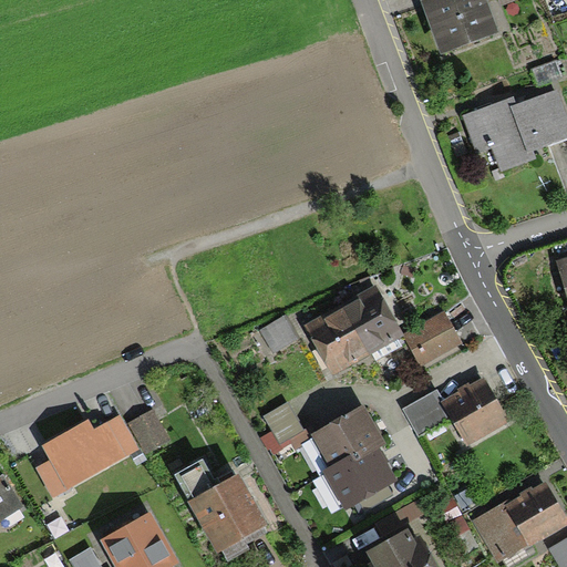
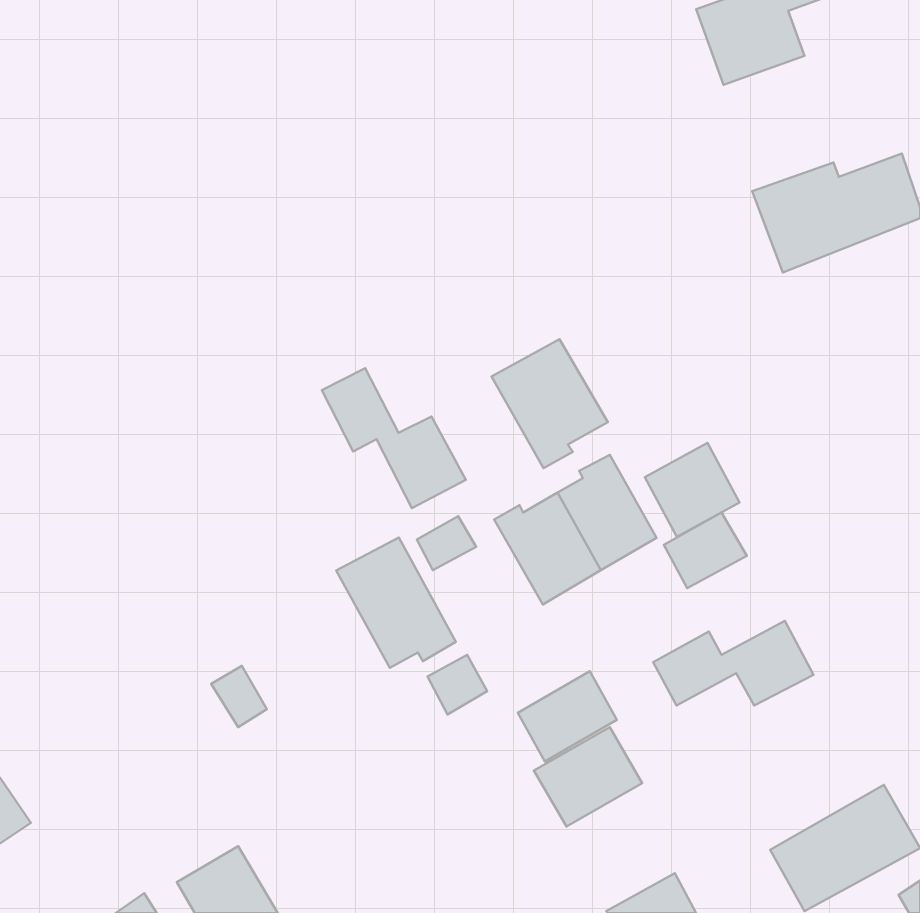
building: none -> [492,339,608,468]
building: none -> [322,368,466,508]
building: none -> [645,443,740,537]
building: none -> [336,537,456,668]
building: [49,427,118,483] -> none
building: [177,464,264,553] -> none

